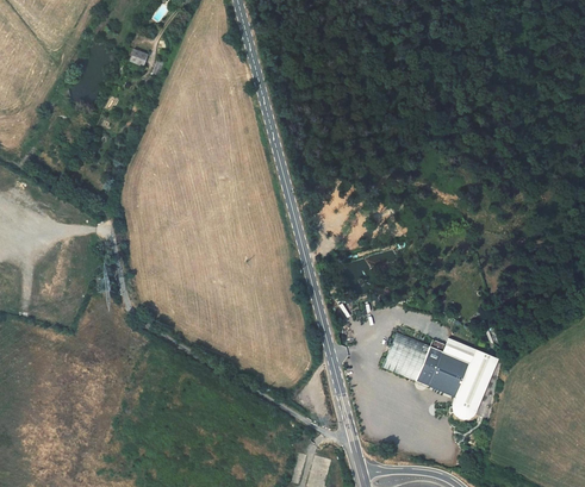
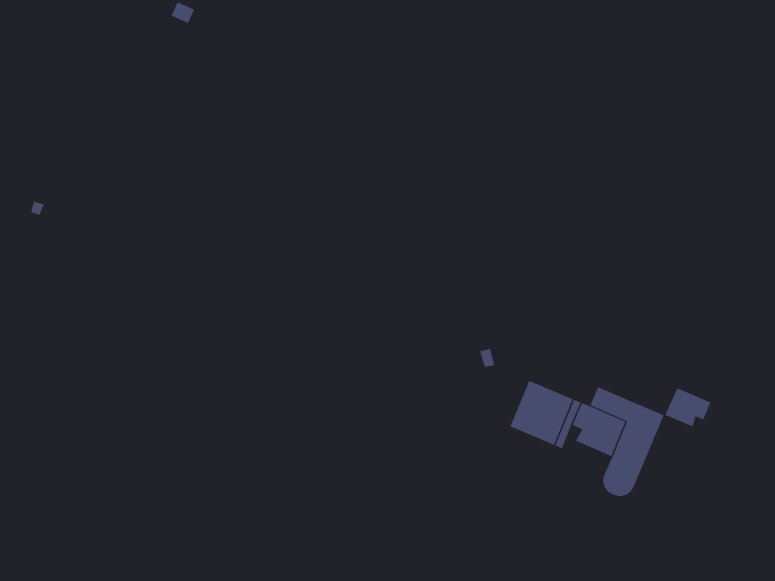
building: none -> [665,387,711,427]

